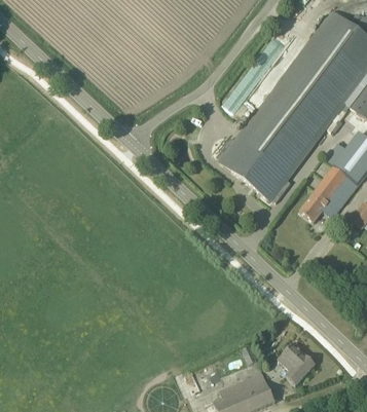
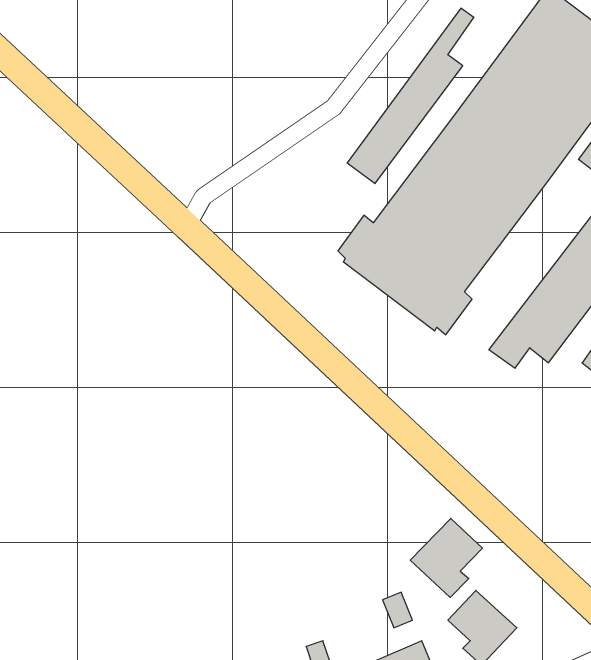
building: none -> [410,518,482,597]

